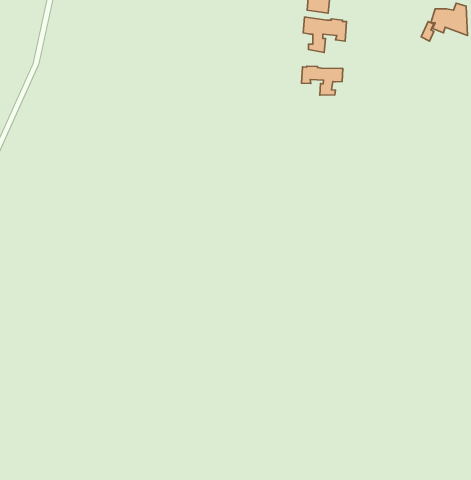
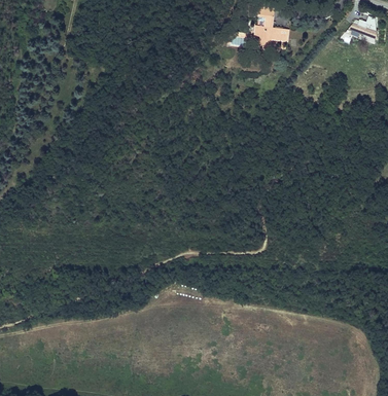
building: [301,66,343,95] -> none

